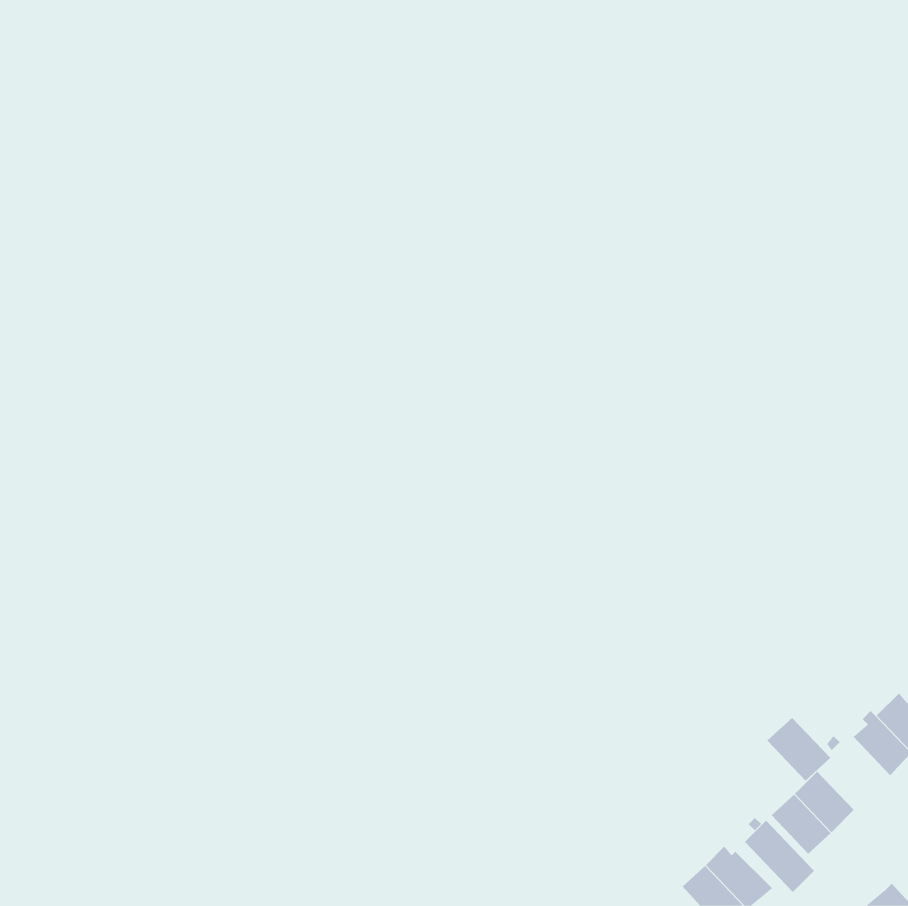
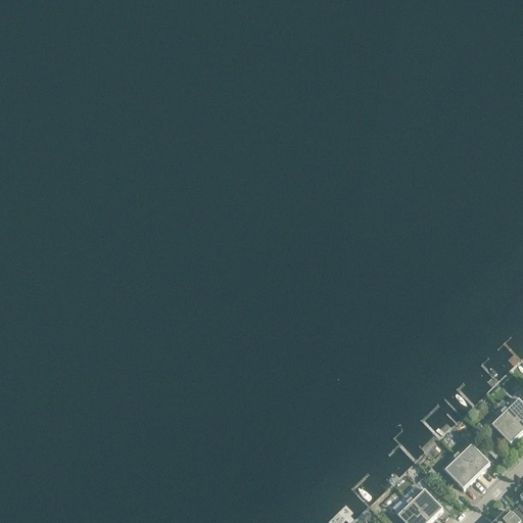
building: [766,717,831,781] -> none
building: [744,820,815,893] -> none

